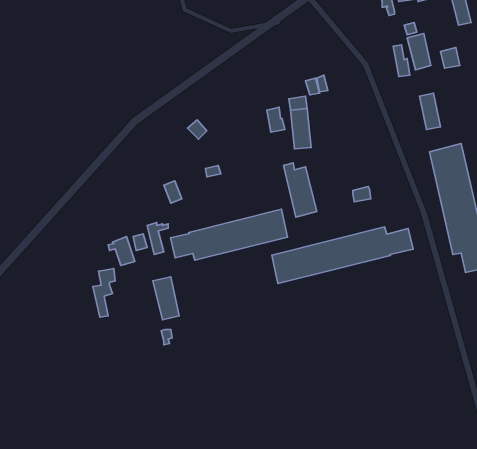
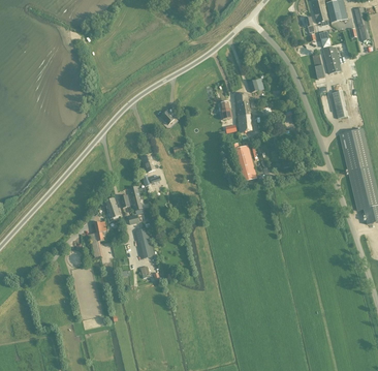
building: [170,209,288,260] -> none
building: [272,227,413,284] -> none

